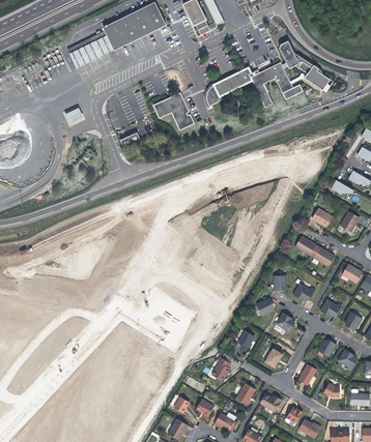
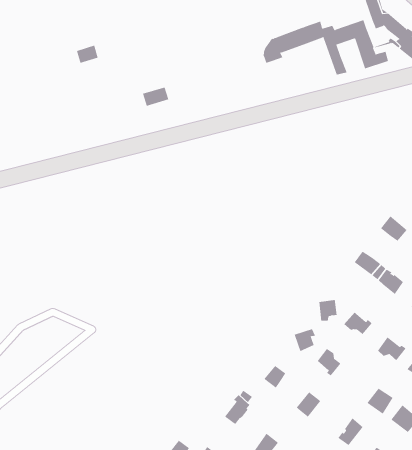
building: [153,91,195,129] -> none

